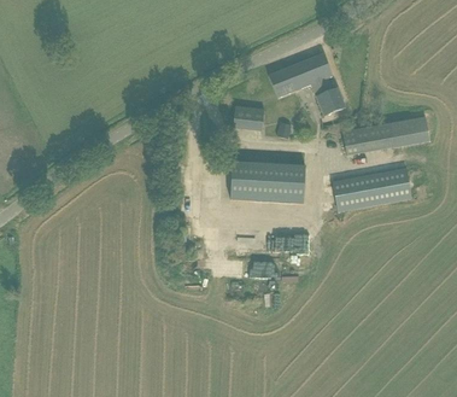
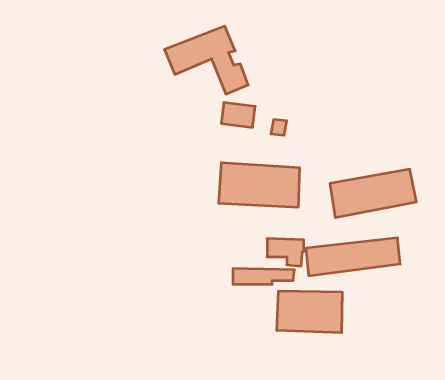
building: [266,52,344,115] -> [164,26,248,94]
building: [345,117,432,152] -> [306,238,400,276]
building: none -> [277,291,342,333]

